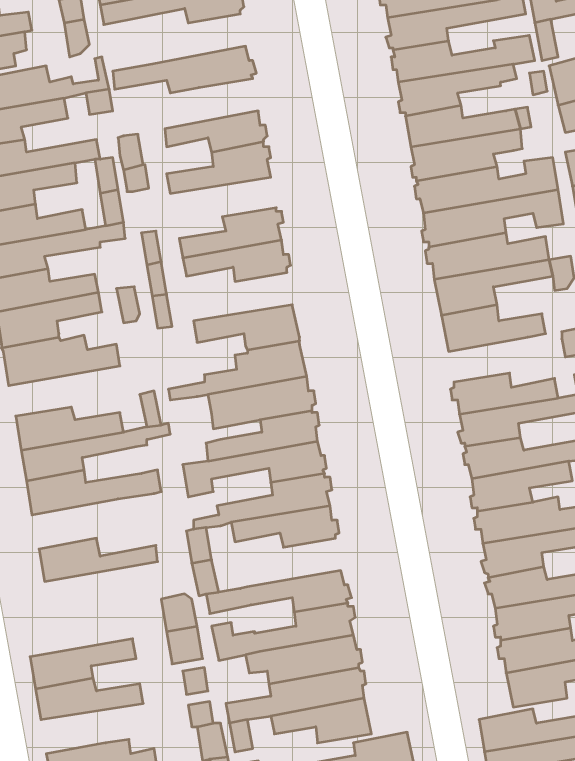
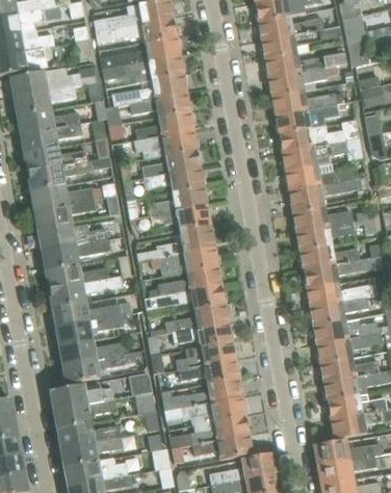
building: none -> [100,37,181,71]
building: none -> [119,75,188,106]
building: none -> [136,132,200,155]
building: none -> [149,187,208,215]
building: none -> [296,223,356,251]
building: none -> [43,240,111,270]
building: none -> [56,315,129,347]
building: none -> [175,341,236,370]
building: none -> [63,353,147,384]
building: none -> [51,385,114,410]
building: none -> [61,437,123,466]

